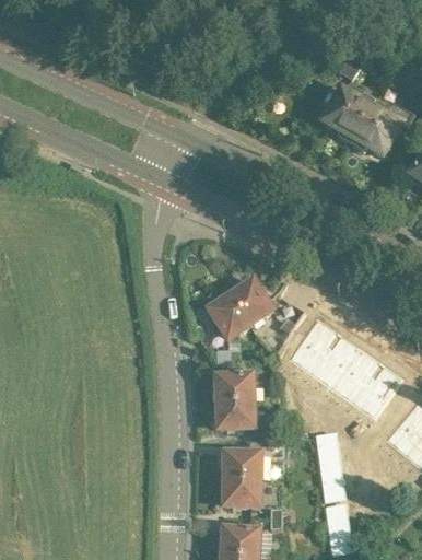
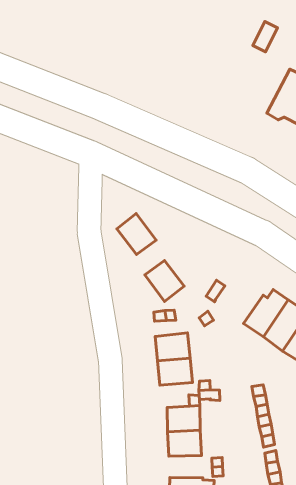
building: [321,81,376,143] -> none
building: [231,280,272,324] -> [117,214,156,254]
building: [290,313,337,368] -> none

